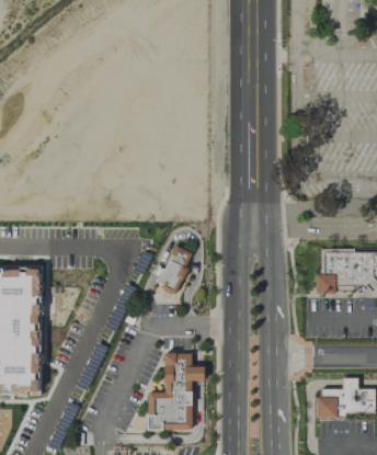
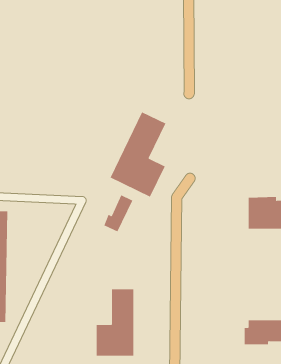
building: none -> [110,111,166,197]

